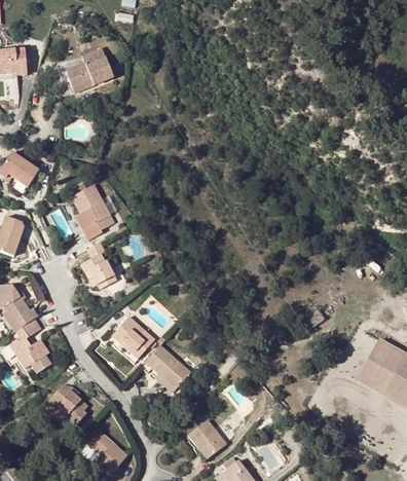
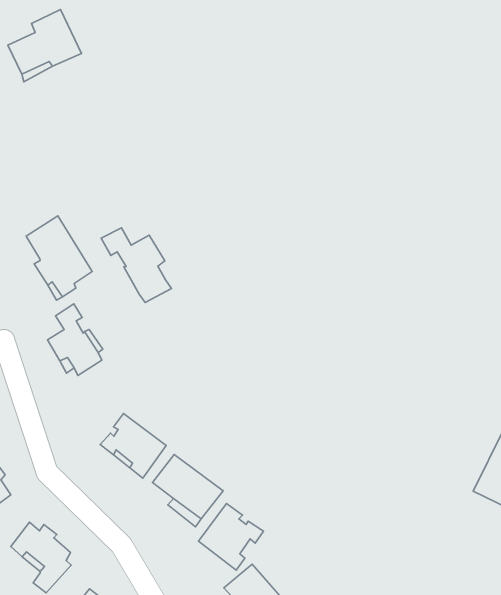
building: none -> [101,228,171,303]
building: none -> [199,504,263,570]

